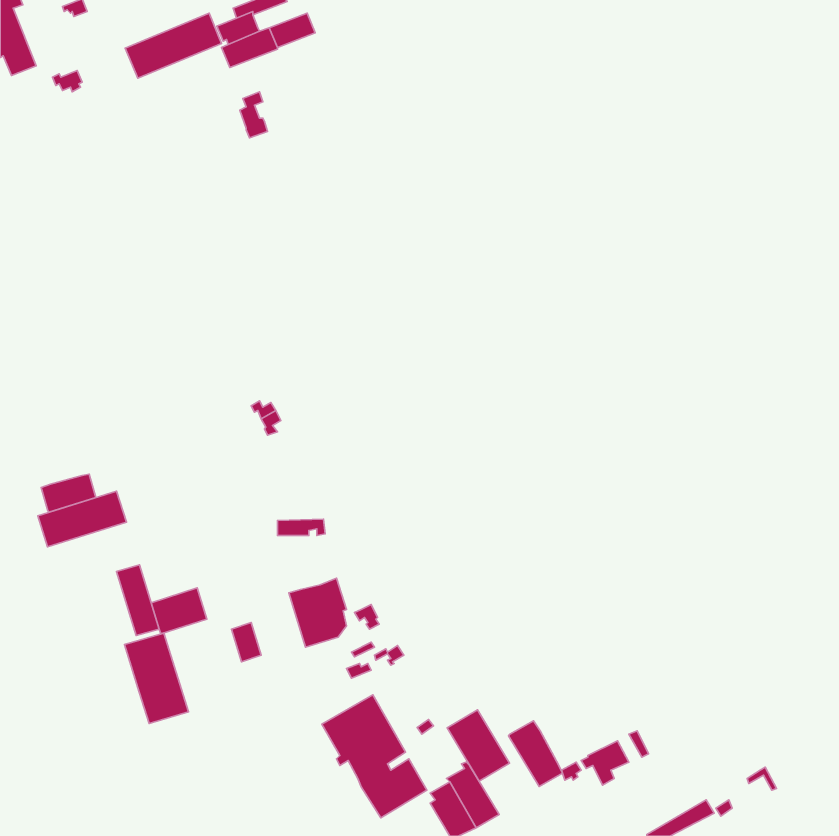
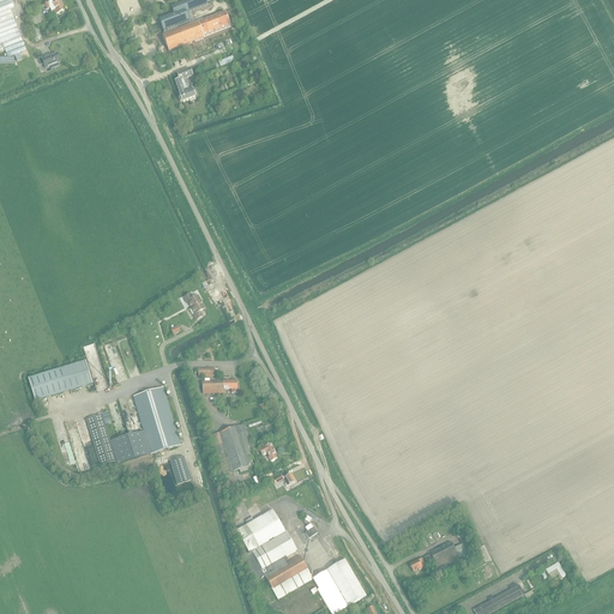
building: [125,13,221,78] -> none
building: [41,474,96,512] -> none
building: [124,633,188,723] -> [133,386,180,452]
building: [447,710,509,781] -> none
building: [509,721,563,786] -> none

